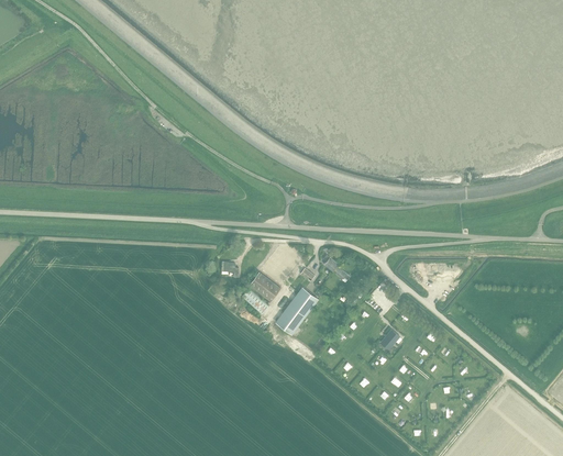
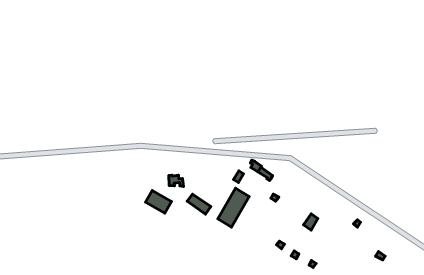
building: [249,271,280,301] -> [146,191,171,213]

